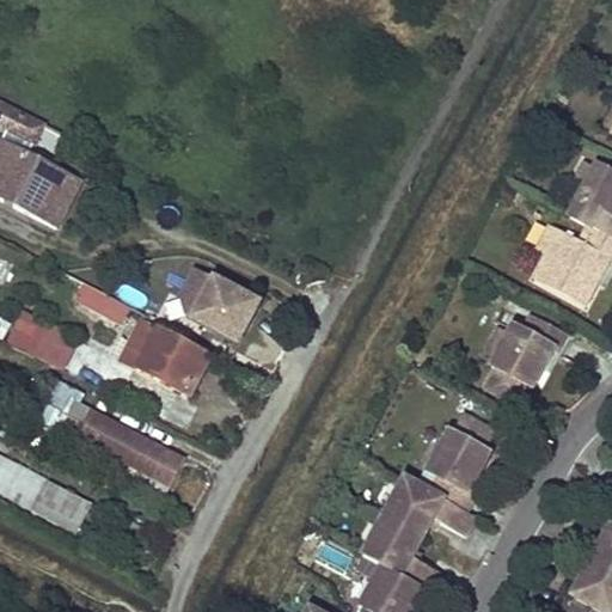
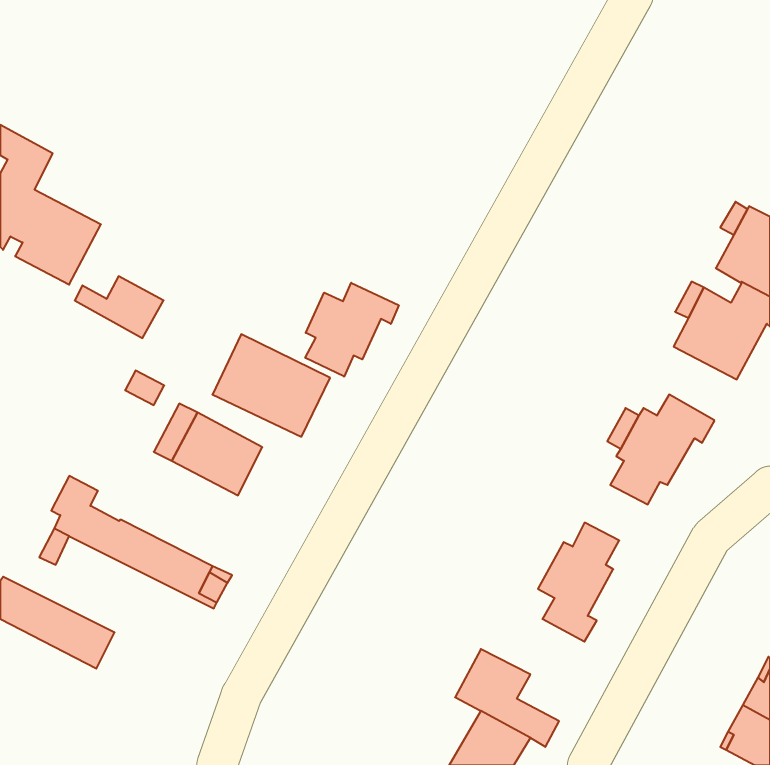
building: none -> [305,283,399,377]
building: [7,318,78,367] -> [75,276,164,338]
building: [381,476,475,536] -> none

